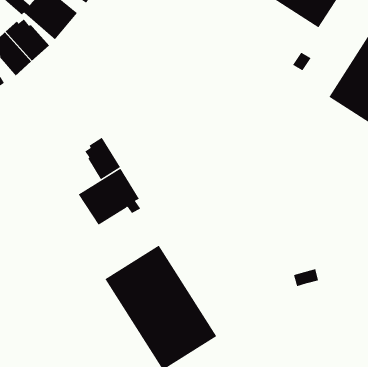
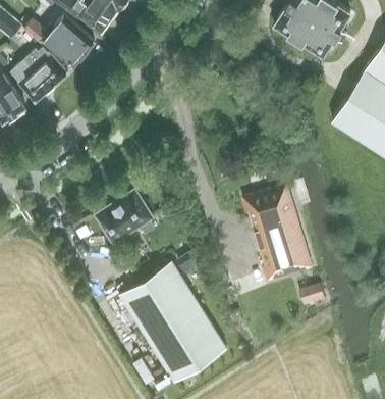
building: [85,137,121,180] -> none
building: none -> [244,187,309,278]

